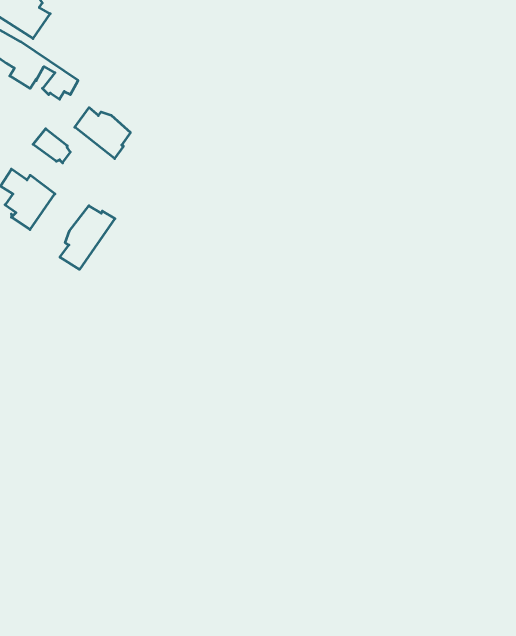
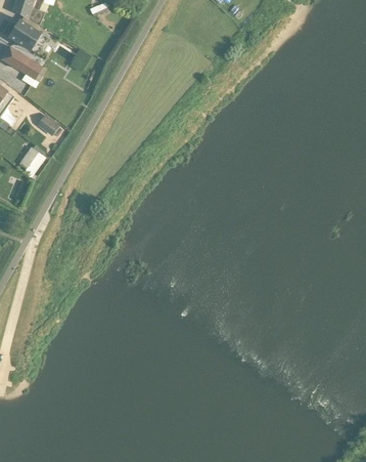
building: [75,108,130,159] -> none
building: [60,206,115,269] -> none

